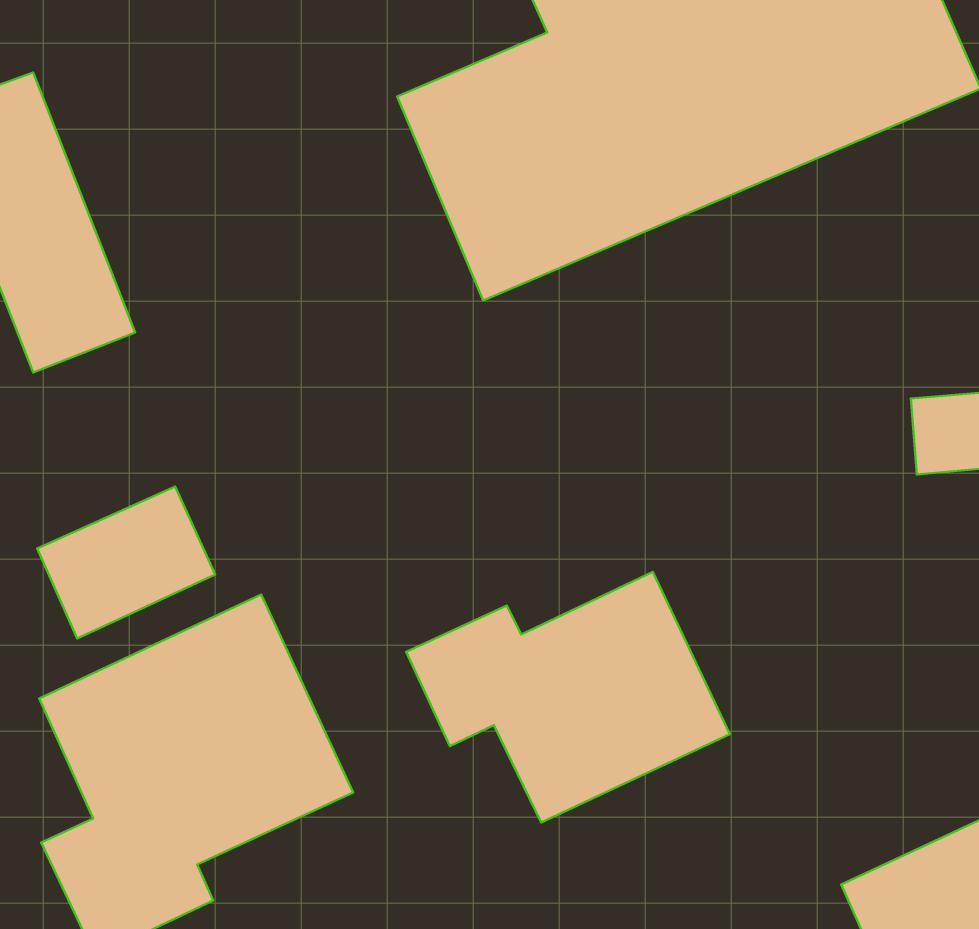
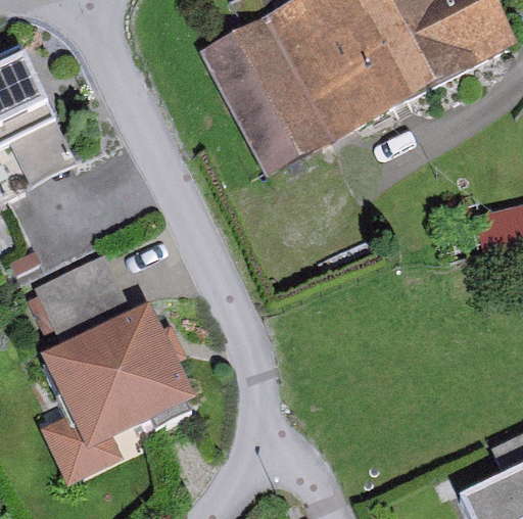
building: [406,572,730,823] -> none

